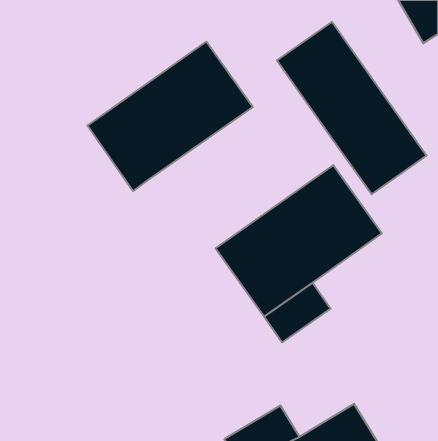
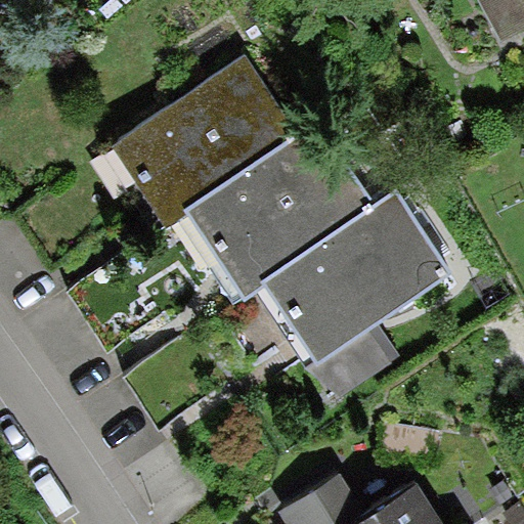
building: [277,22,427,194] -> none
building: none -> [177,118,377,304]

